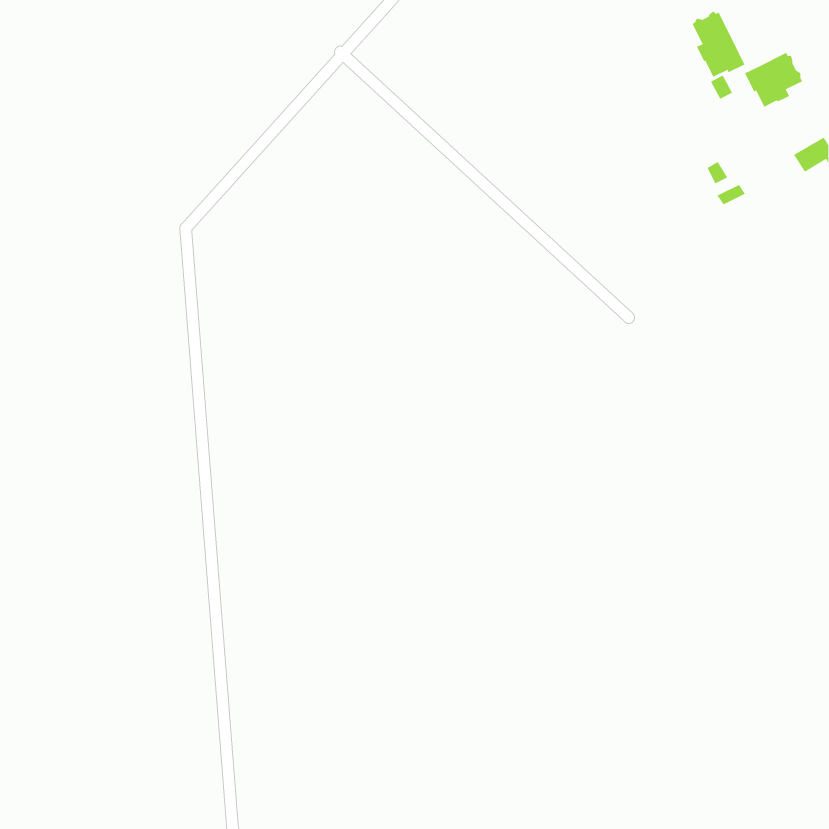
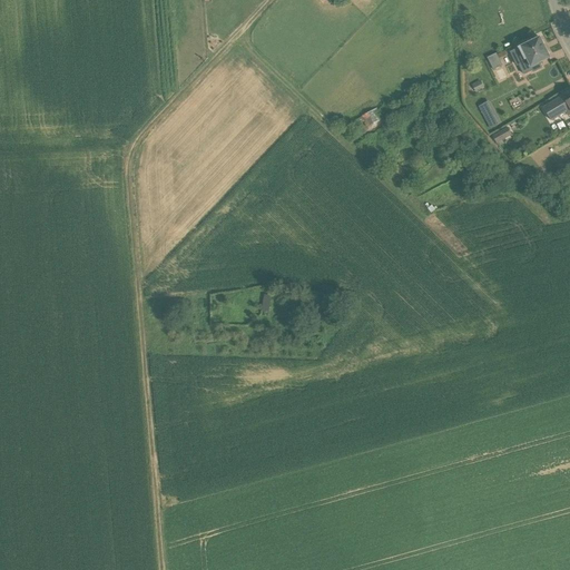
building: [692,11,745,78] -> none

